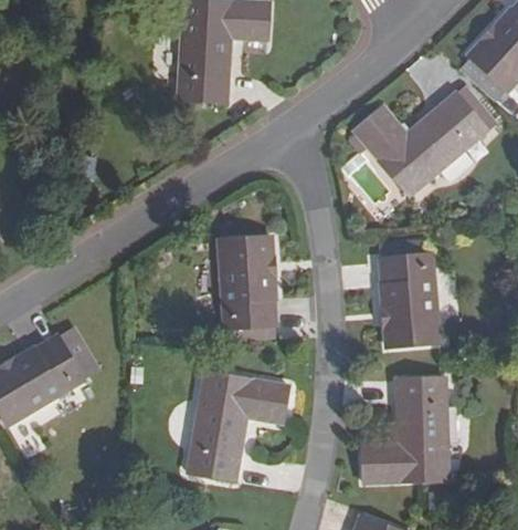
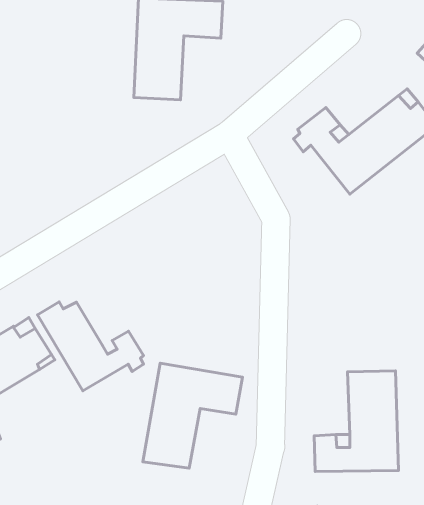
building: [218,238,277,330] -> none
building: [378,254,441,349] -> none
building: none -> [38,302,144,391]

